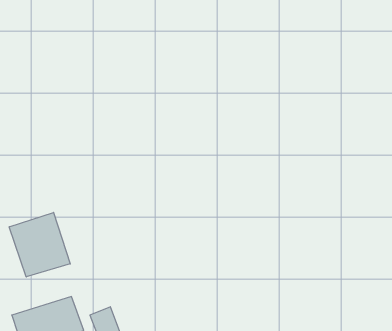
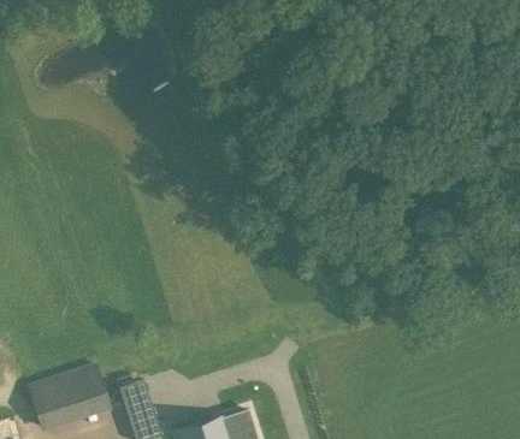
building: [9,212,70,277] -> none

